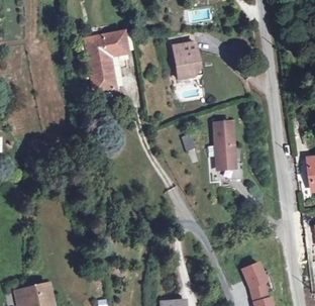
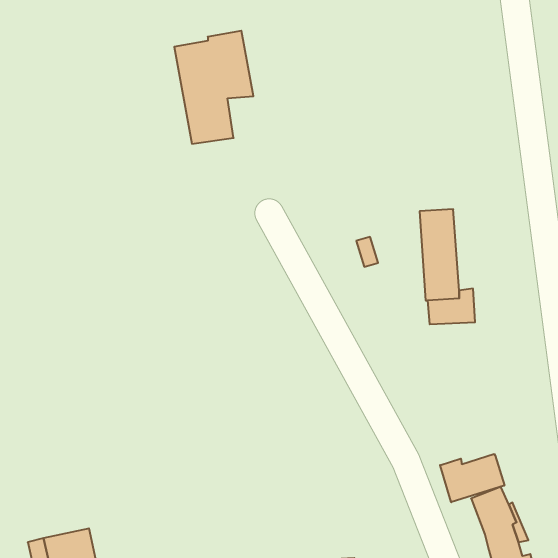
building: [174,41,199,78] -> none
building: none -> [440,454,504,502]

